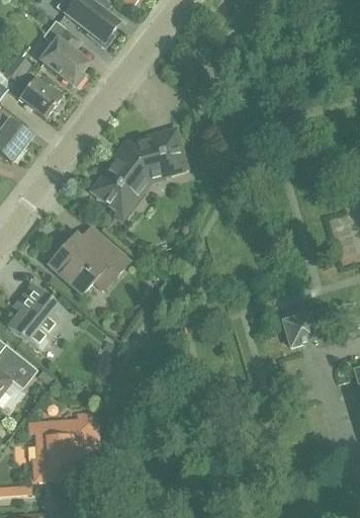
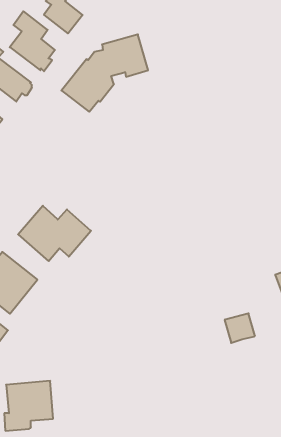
building: [91,126,186,211] -> [61,34,148,112]
building: [282,313,316,345] -> [225,313,255,343]

